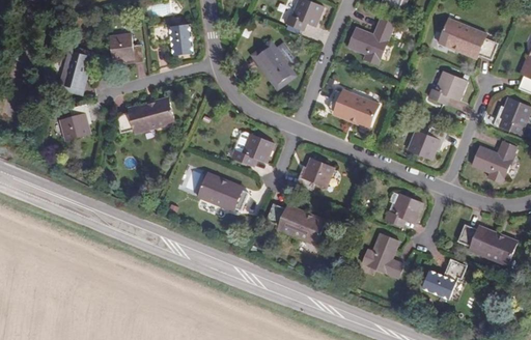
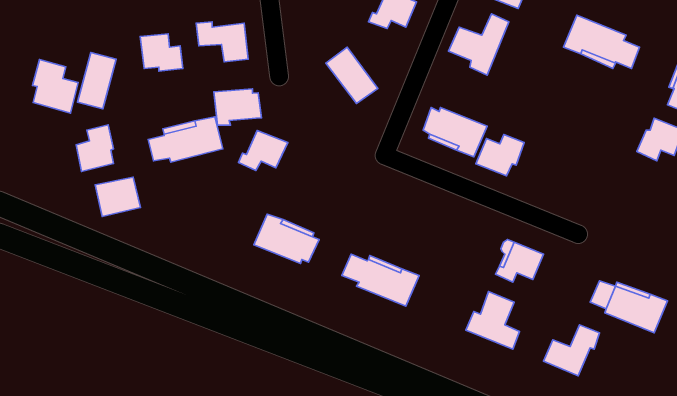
building: none -> [32,60,78,113]
building: [429,72,467,104] -> none
building: none -> [214,89,261,125]
building: [408,126,445,159] -> [476,134,524,176]
building: [236,133,275,164] -> [238,130,288,170]
building: [472,141,516,182] -> none
building: none -> [95,177,141,216]
building: [297,159,335,190] -> none

